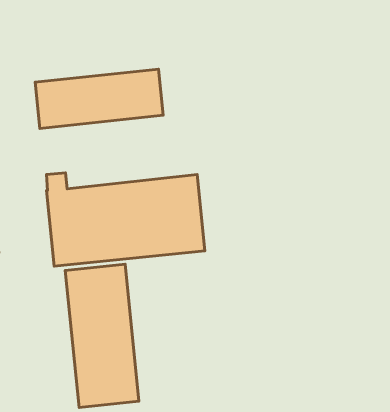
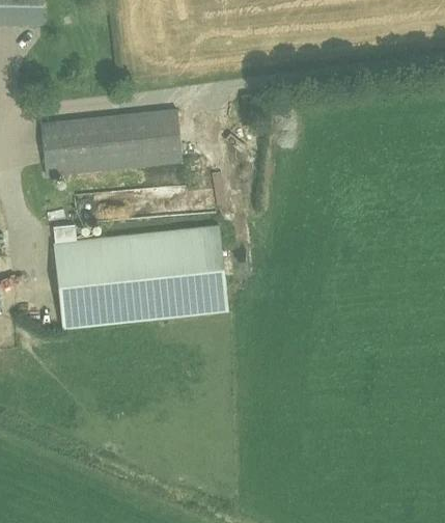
building: [65,264,139,408] -> none

